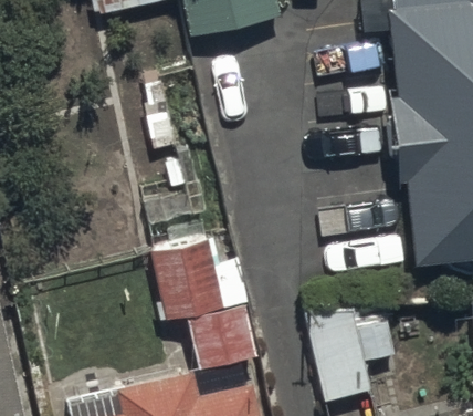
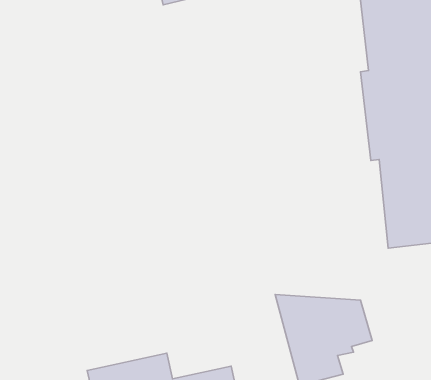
building: [153,237,259,367] -> none

